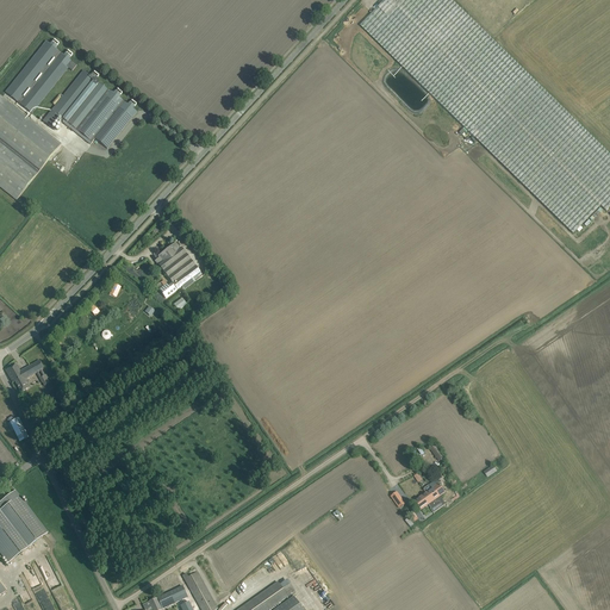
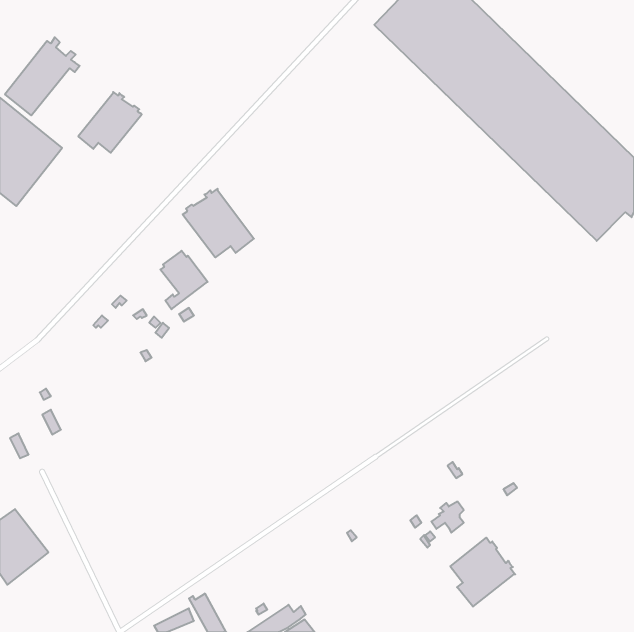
building: [42,69,108,131] -> none
building: none -> [183,189,254,257]
building: [5,359,43,391] -> none
building: none -> [450,538,515,607]

